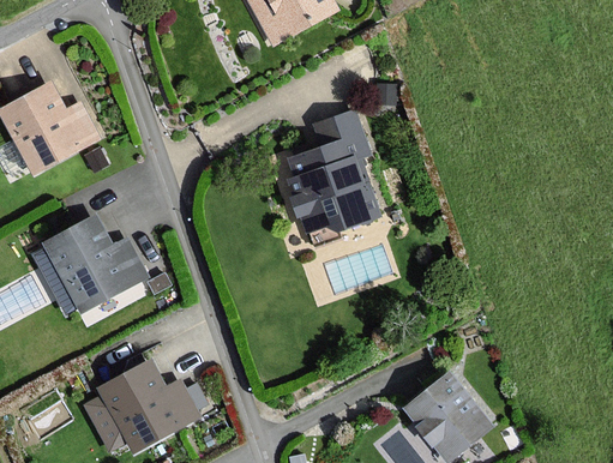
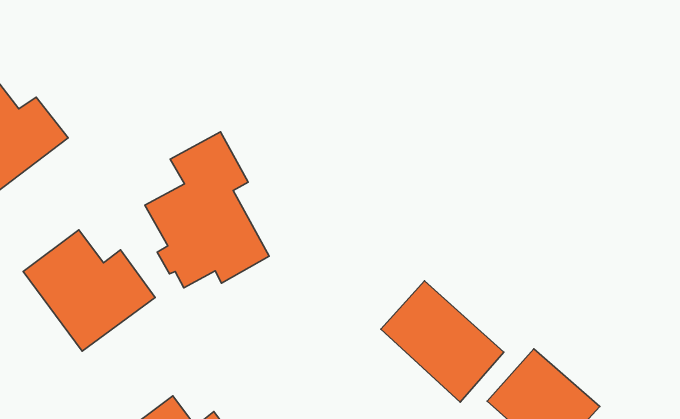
building: [284,109,378,232] -> [145,132,269,288]
building: none -> [381,281,504,402]

